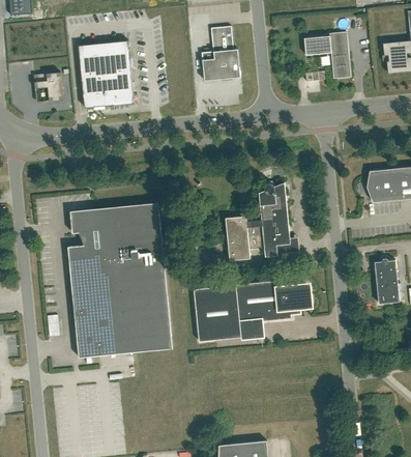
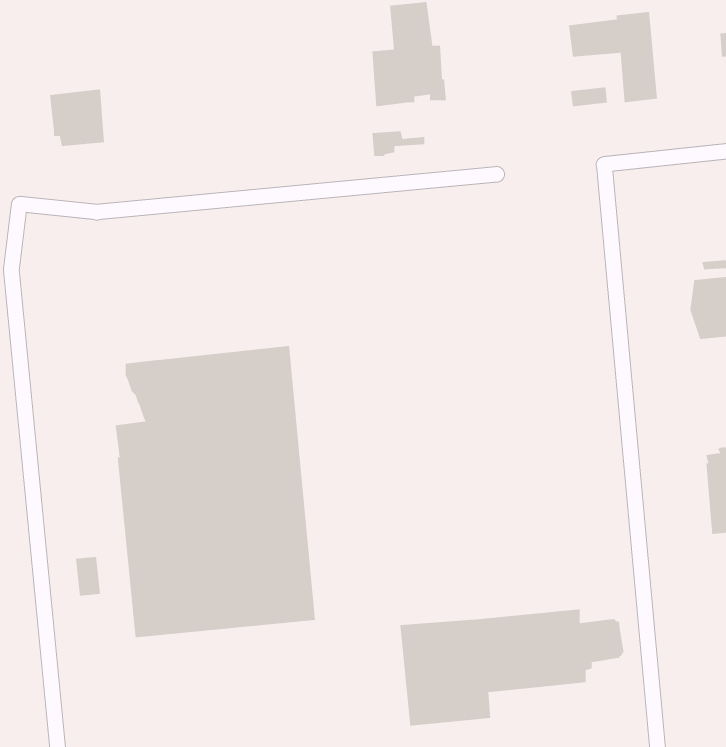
building: [78,40,134,108] -> none
building: [225,182,290,260] -> none
building: [193,280,310,341] -> [400,609,624,726]

